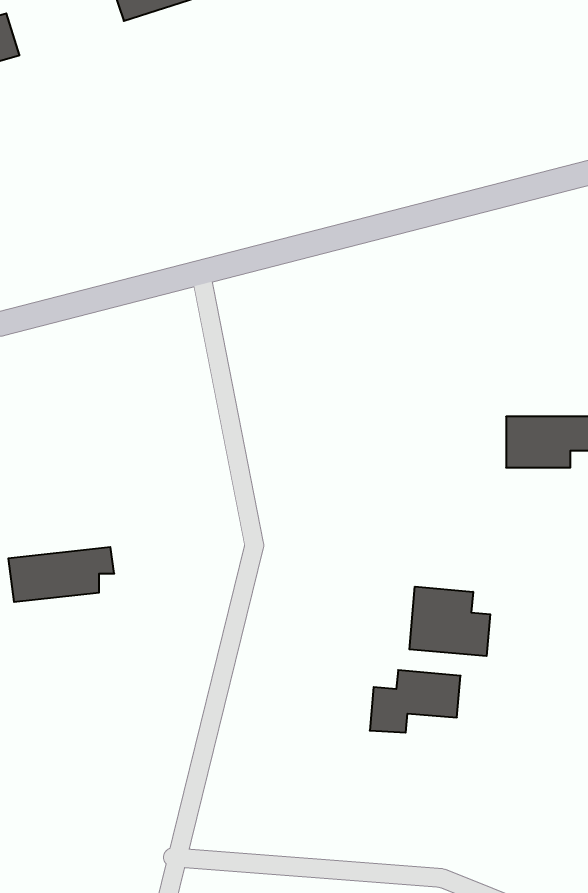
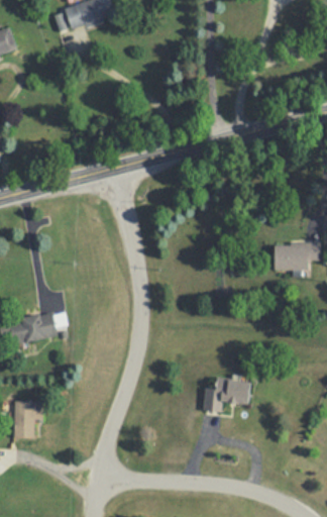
building: [409,587,490,656] -> none
building: none -> [13,402,42,438]

